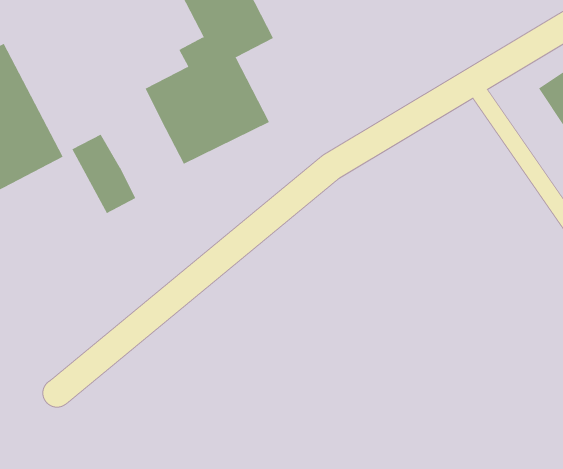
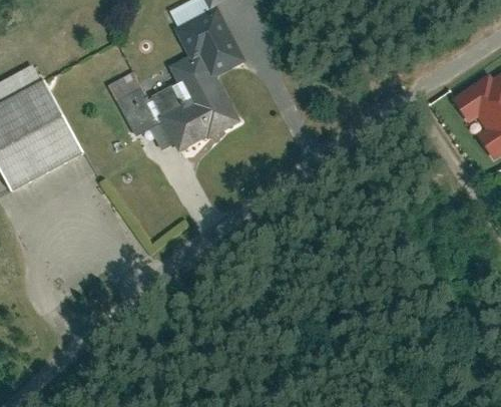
building: [72,134,136,214] -> [108,73,158,135]

